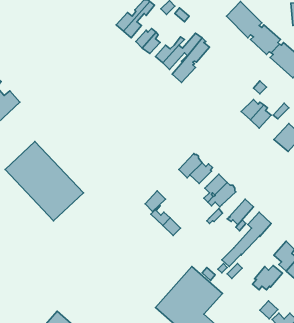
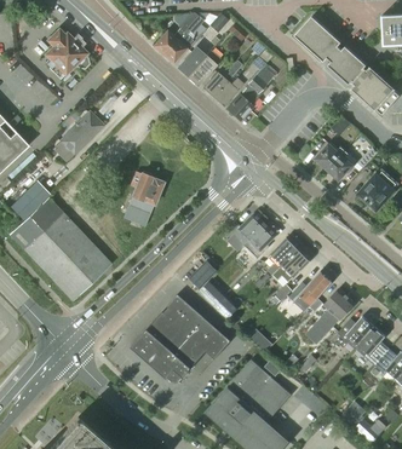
building: none -> [45,30,88,80]
building: none -> [53,114,102,162]
building: none -> [124,171,163,228]
building: none -> [10,180,50,220]
building: none -> [138,294,231,381]
building: [253,266,283,290] -> [335,317,374,349]

